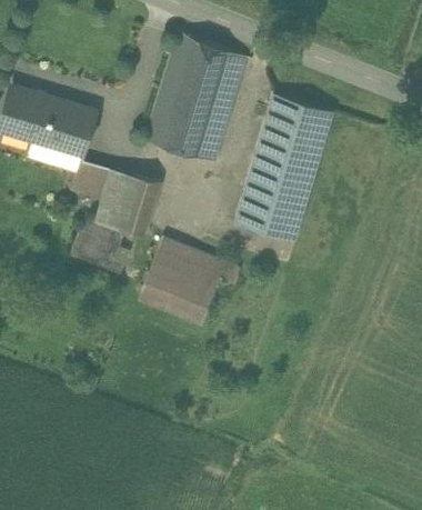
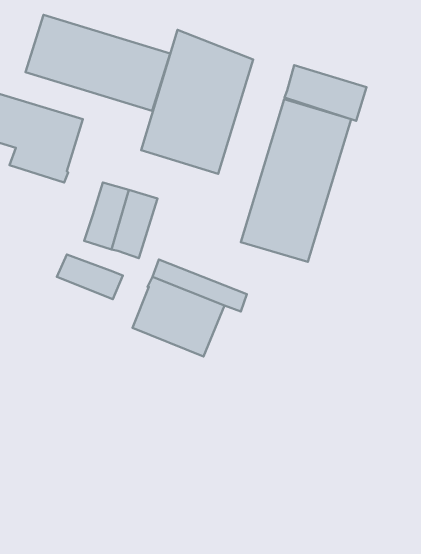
building: none -> [25,15,170,111]
building: none -> [284,65,367,121]
building: [71,160,111,198] -> none
building: [79,219,124,248] -> none

